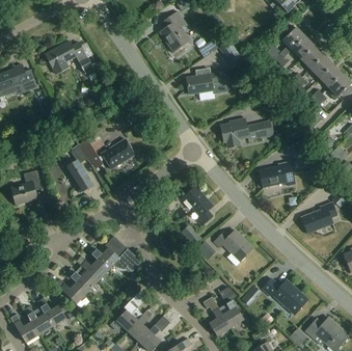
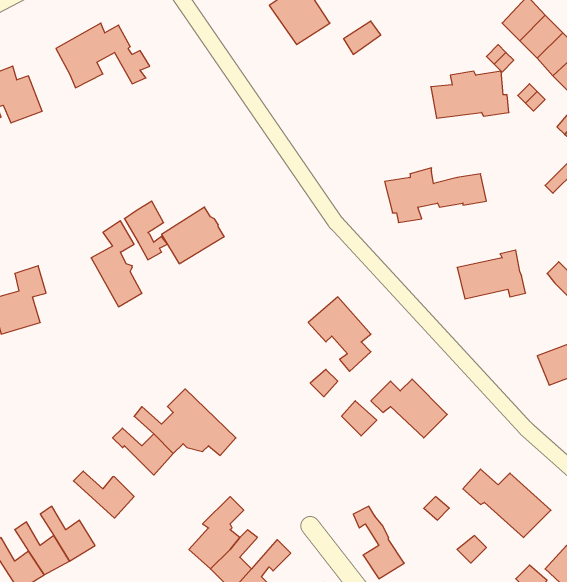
building: [186,69,227,93] -> [431,71,509,118]
building: [65,265,98,292] -> none
building: [219,287,244,327] -> none

